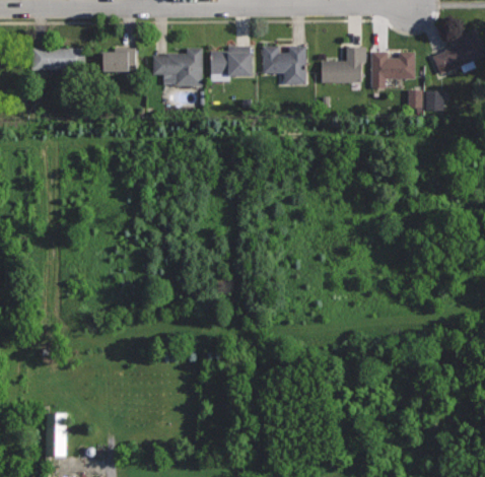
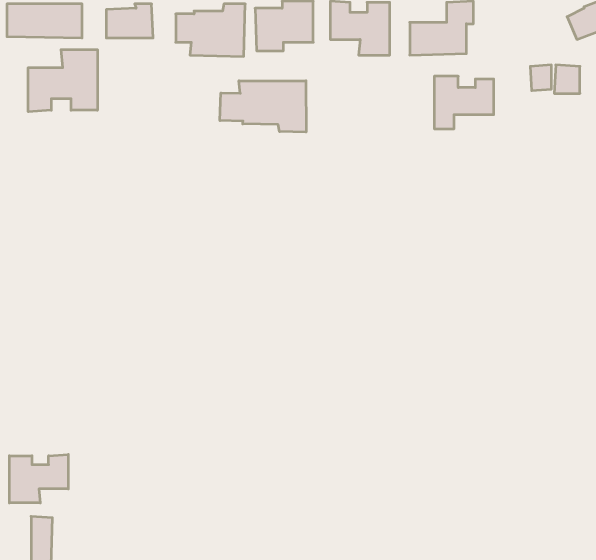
building: [371,50,414,87] -> [434,76,494,129]
building: none -> [28,50,97,112]
building: none -> [220,81,306,132]
building: none -> [9,454,68,503]

